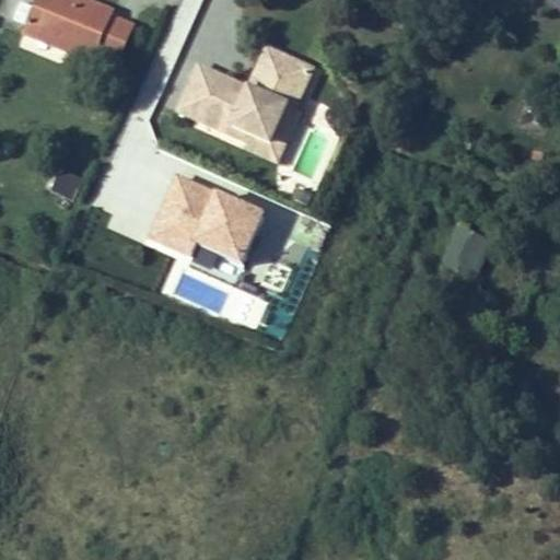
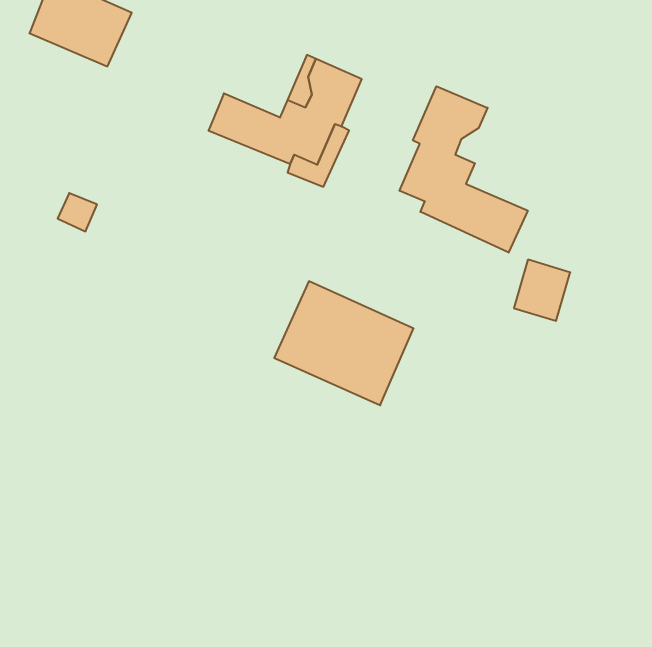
building: none -> [399,86,528,253]
building: [145,171,265,277] -> [274,281,414,405]

